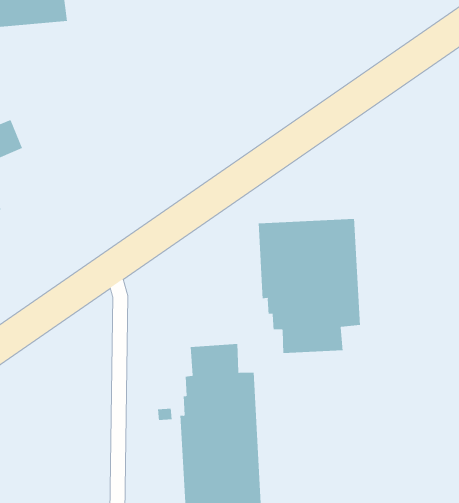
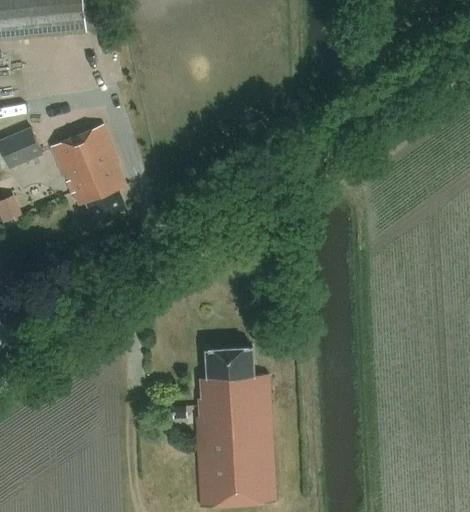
building: none -> [52,125,127,223]
building: [258,218,360,354] -> none

